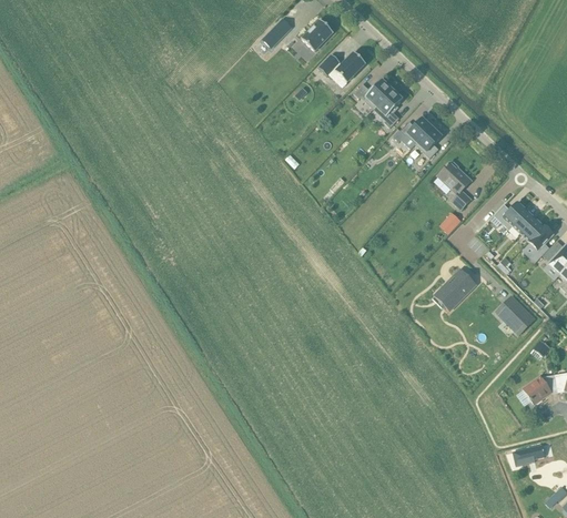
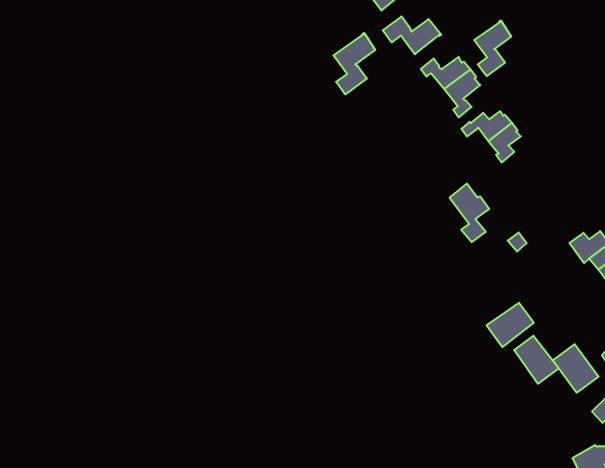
building: none -> [474,21,511,76]
building: none -> [333,33,375,94]
building: [438,162,472,209] -> [450,184,489,242]
building: none -> [514,336,559,384]

